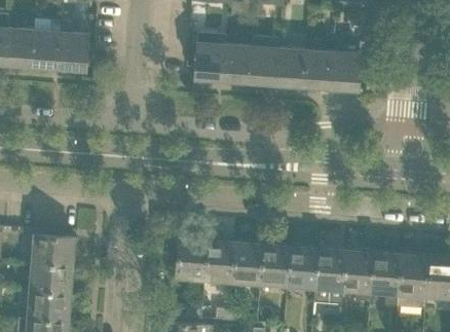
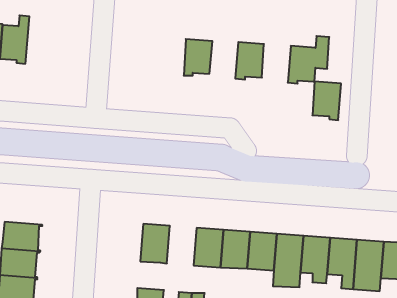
building: [58,23,88,72] -> none
building: [194,33,225,84] -> none
building: [249,48,278,87] -> none
building: [303,51,333,91] -> [312,82,341,120]
building: [204,241,235,282] -> none

